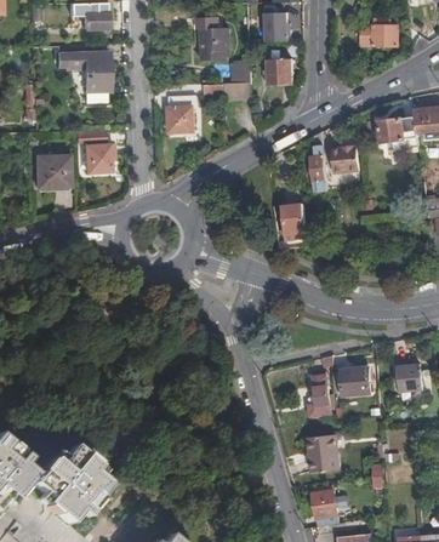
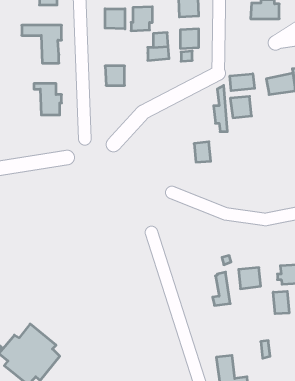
building: none -> [105,9,125,29]
building: none -> [230,74,255,91]
building: [35,154,67,186] -> none
building: none -> [273,291,289,314]
building: [309,435,340,473] -> none

